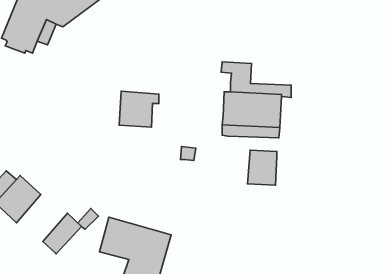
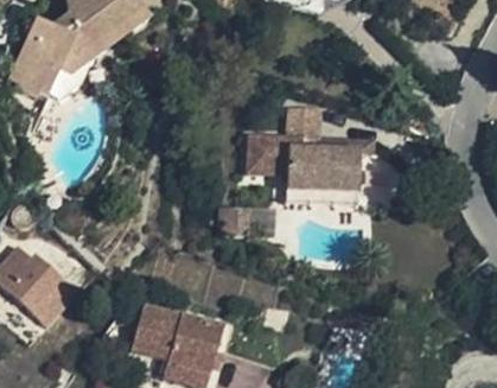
building: [119,91,159,127] -> [248,129,298,174]
building: [248,150,277,185] -> none
building: [43,213,82,254] -> [28,274,77,325]

